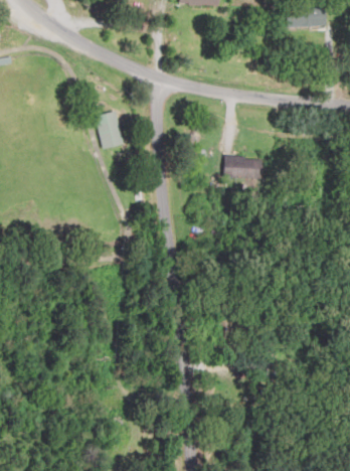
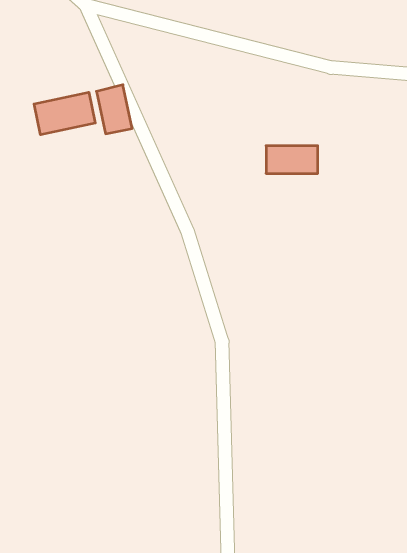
building: none -> [34,92,95,135]

